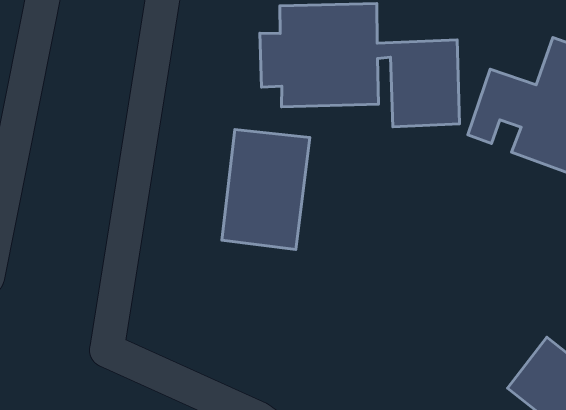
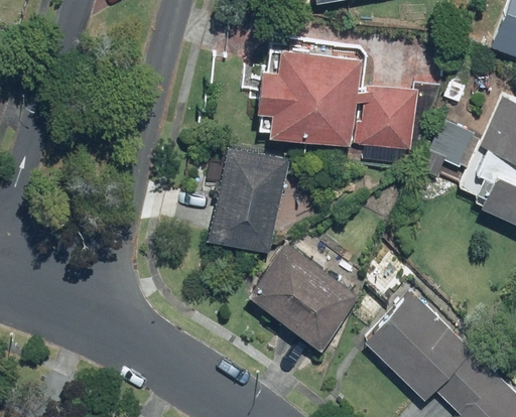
building: none -> [242,237,362,355]
building: none -> [359,290,471,401]

